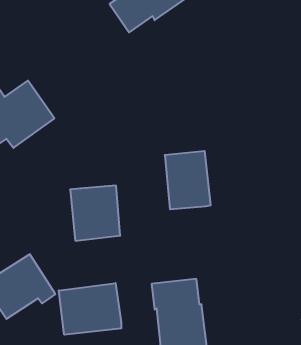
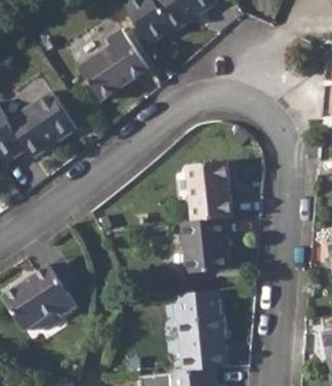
building: none -> [77,29,147,100]
building: [70,186,120,241] -> [180,218,231,273]
building: [59,283,121,335] -> none

